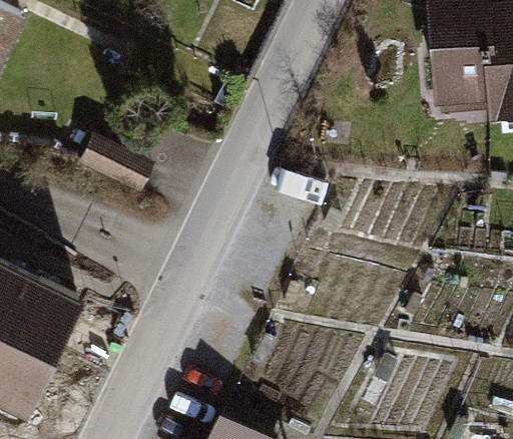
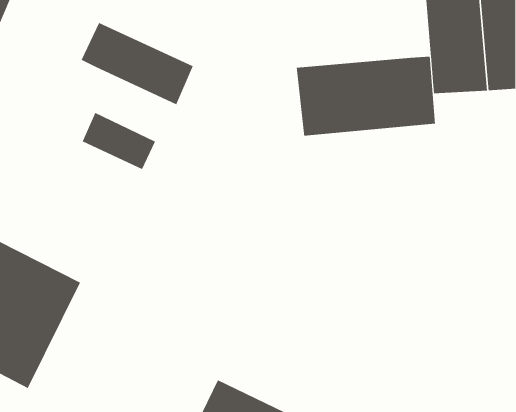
building: none -> [81,22,193,105]
building: none -> [296,56,436,136]

